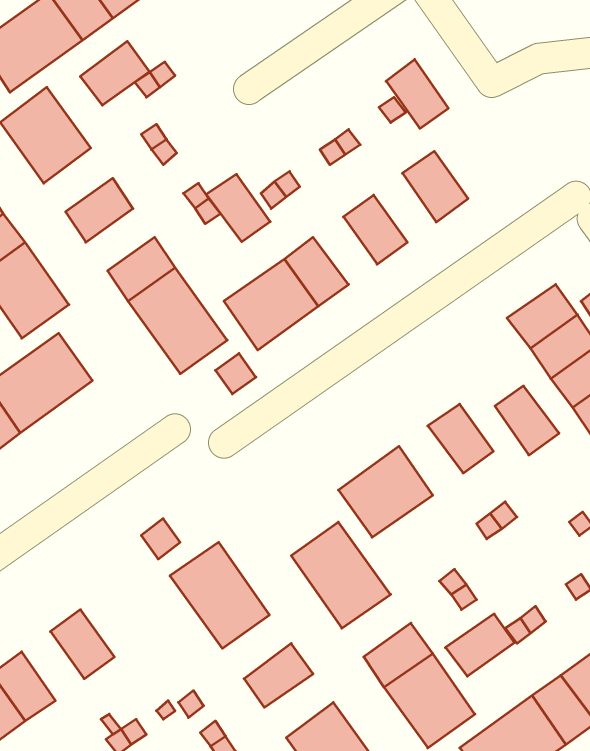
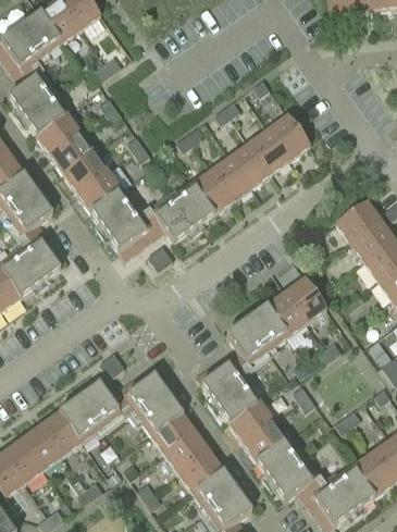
building: [80,41,149,105] -> [36,112,80,153]
building: [386,59,448,128] -> [249,128,289,173]
building: [206,174,270,242] -> [210,157,251,200]
building: none -> [63,151,108,191]
building: [495,386,559,455] -> [265,292,307,336]
building: none -> [60,382,121,441]
building: [445,614,514,676] -> [228,400,273,441]
building: none -> [151,413,196,455]
building: none -> [22,424,62,469]
building: none -> [178,451,223,493]

